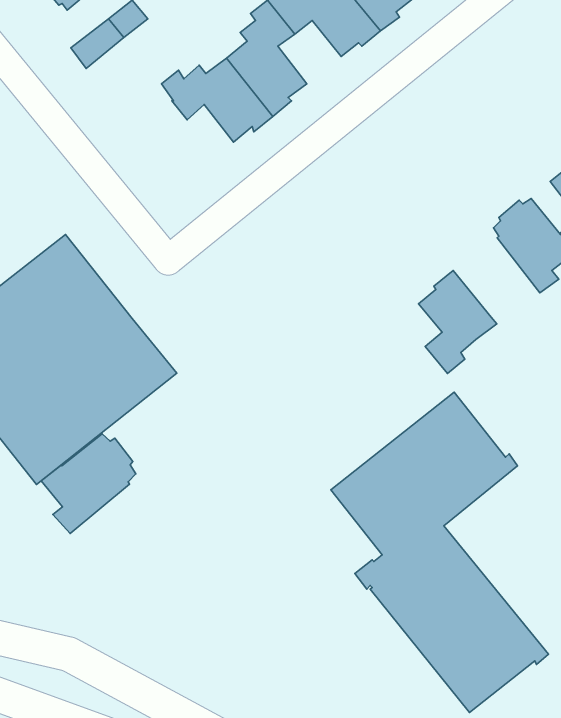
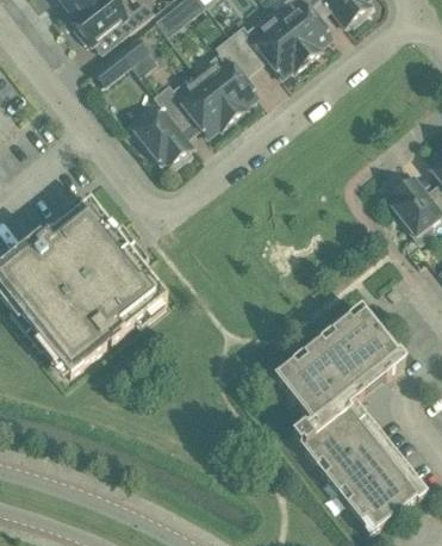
building: none -> [130,104,193,163]
building: [419,270,497,373] -> none
building: [41,434,136,534] -> none

